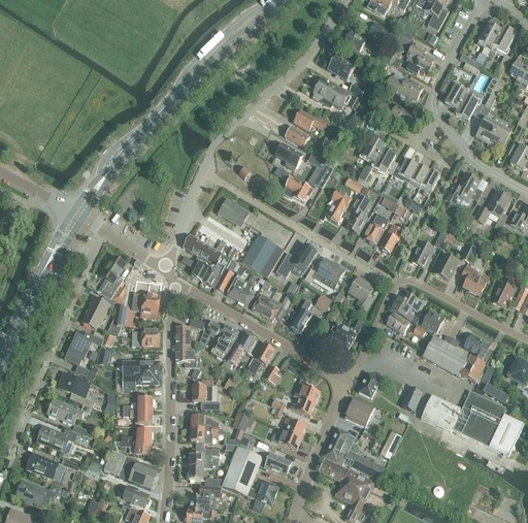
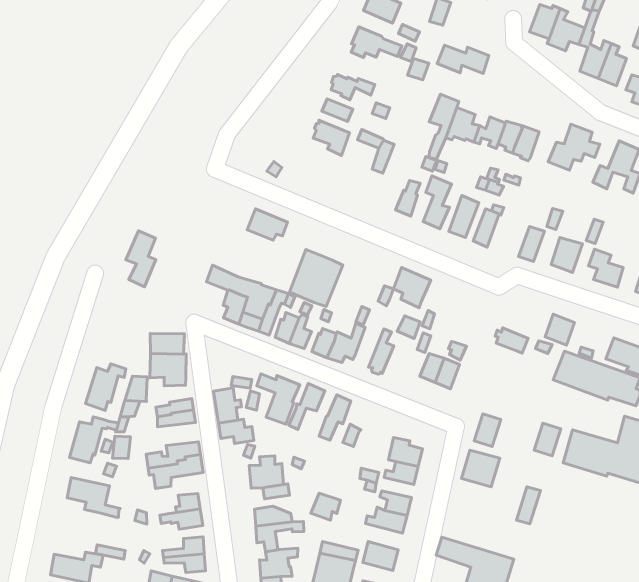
building: [385,76,422,100] -> none
building: [283,176,311,201] -> none
building: [274,243,315,279] -> none
building: [101,256,125,297] -> [126,231,156,287]
building: [348,276,373,310] -> none
building: [388,295,421,320] -> none
building: [46,398,82,424] -> none
building: [322,426,373,473] -> none

